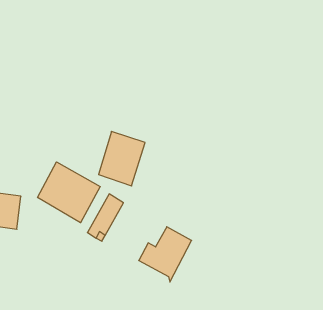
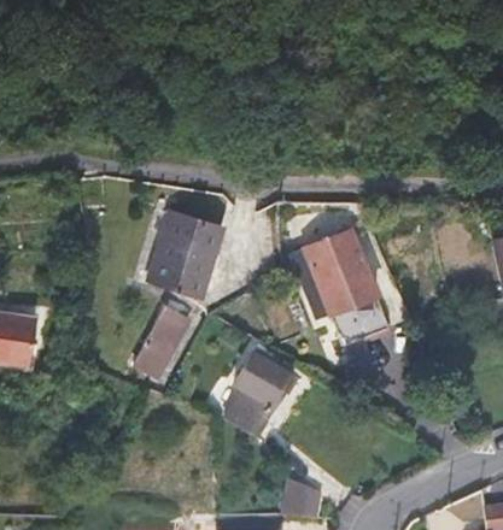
building: none -> [308,231,391,349]
building: [38,162,100,223] -> none

